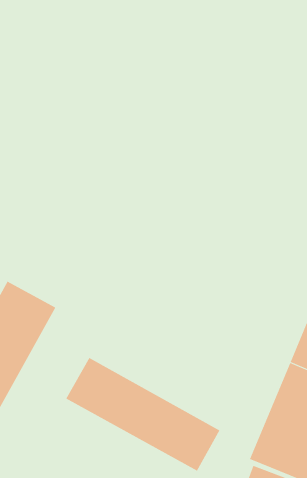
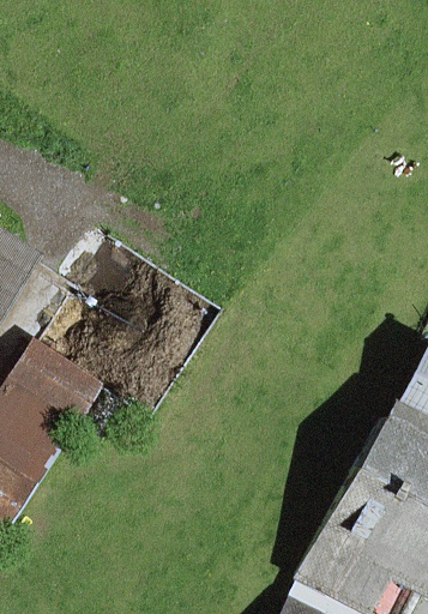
building: [66,357,220,471] -> none

